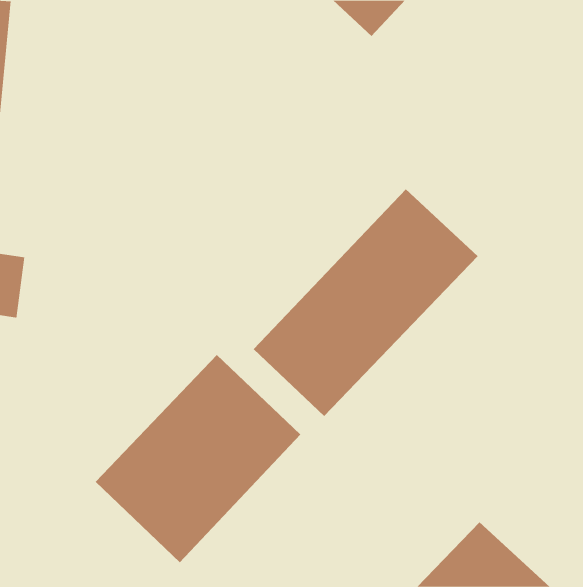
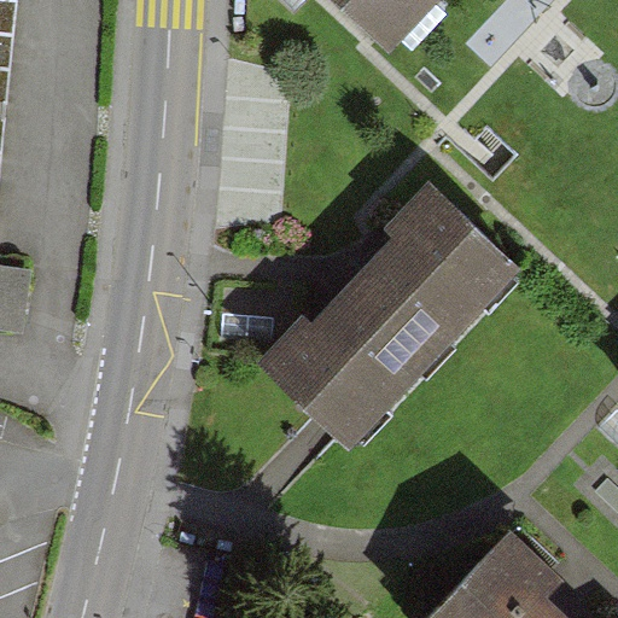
building: [95,354,301,563] -> none

